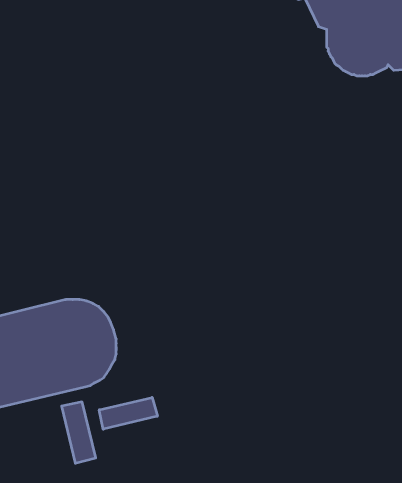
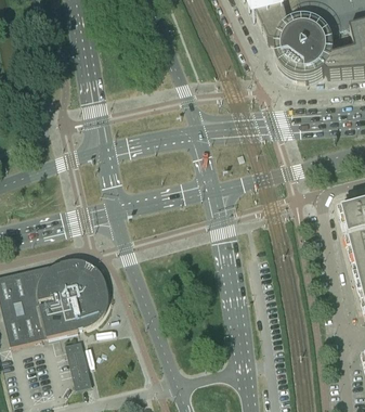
building: [99,397,157,429] -> none

